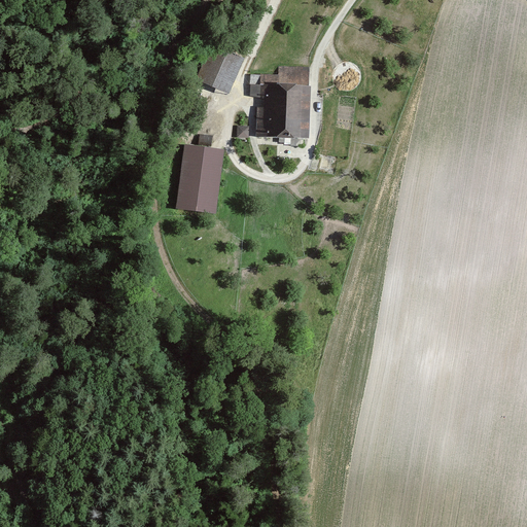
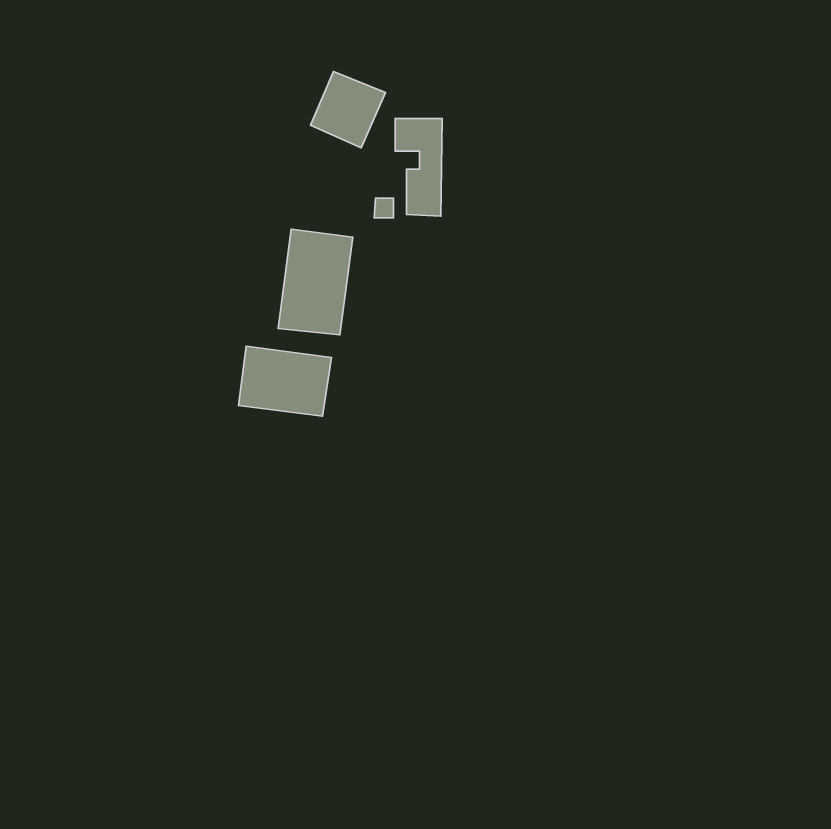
building: [279,66,309,137] -> none
building: none -> [238,346,331,416]

